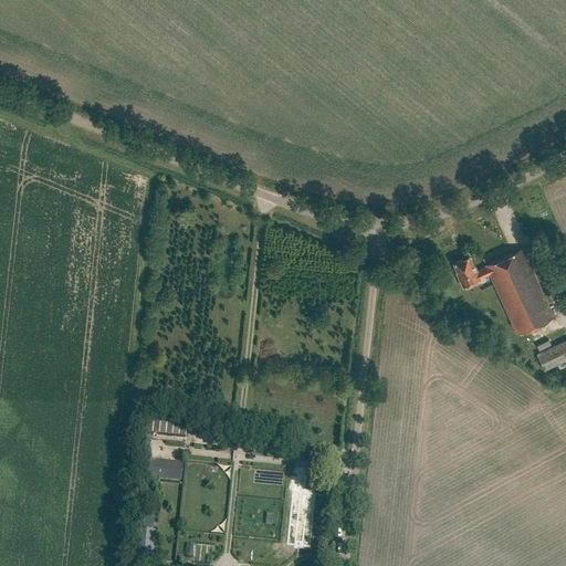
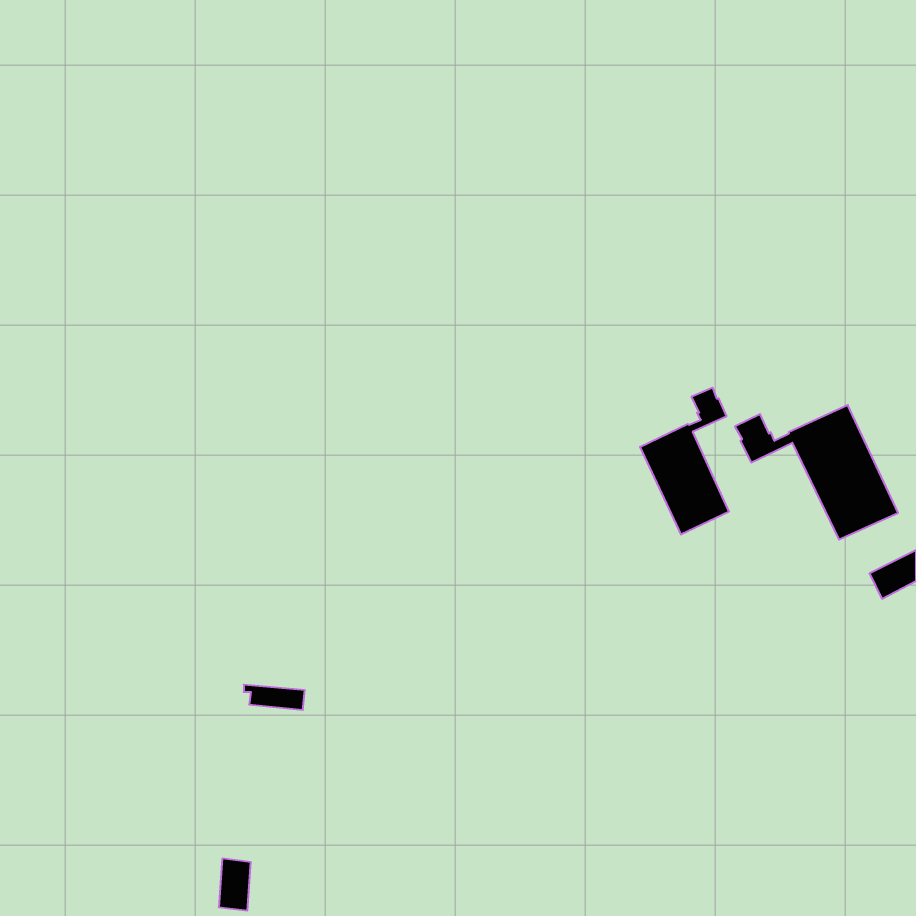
building: none -> [640,388,729,535]
building: [147,460,184,483] -> none

